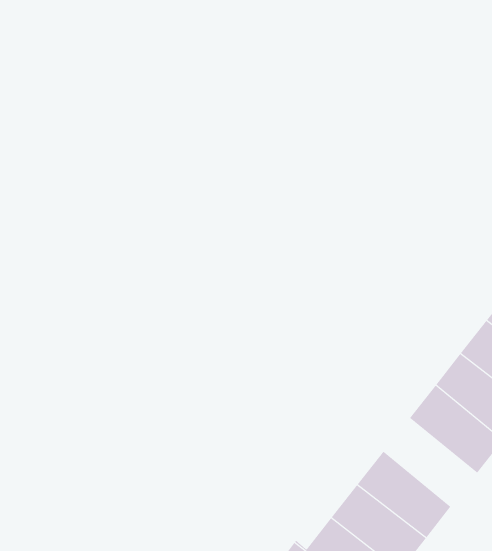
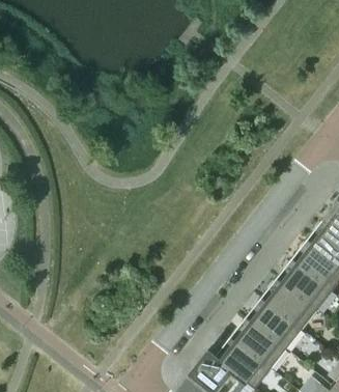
building: none -> [261,278,317,331]

